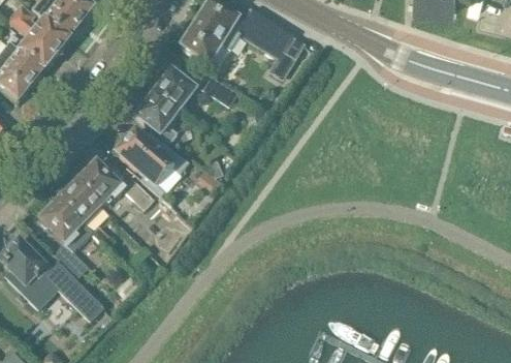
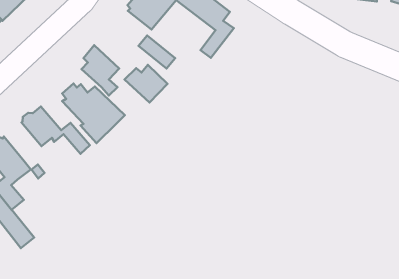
building: [147,69,194,111] -> [125,65,168,103]
building: [58,181,100,223] -> none

